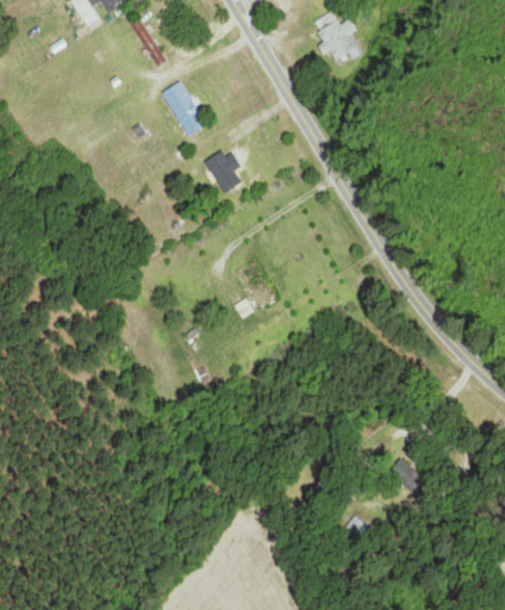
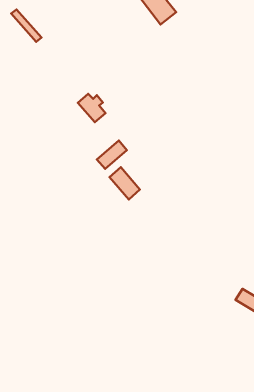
building: [162,81,207,136] -> none
building: none -> [97,141,127,169]

